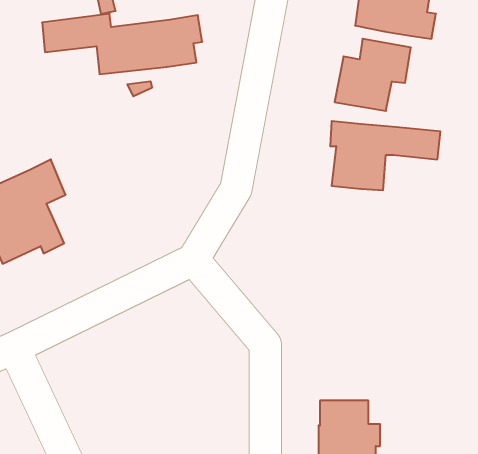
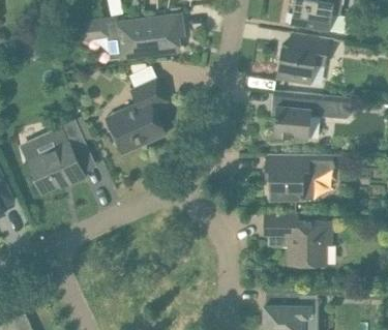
building: none -> [108,80,167,155]
building: none -> [265,155,333,201]
building: none -> [264,213,331,267]

